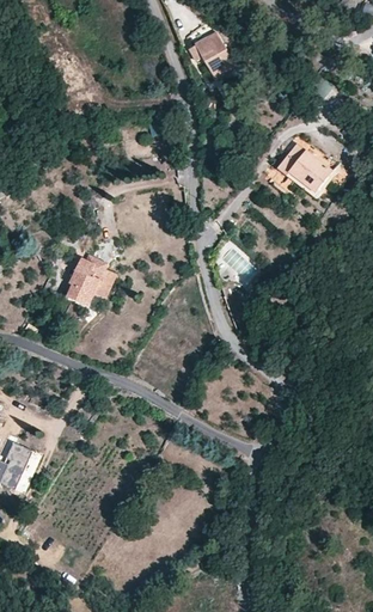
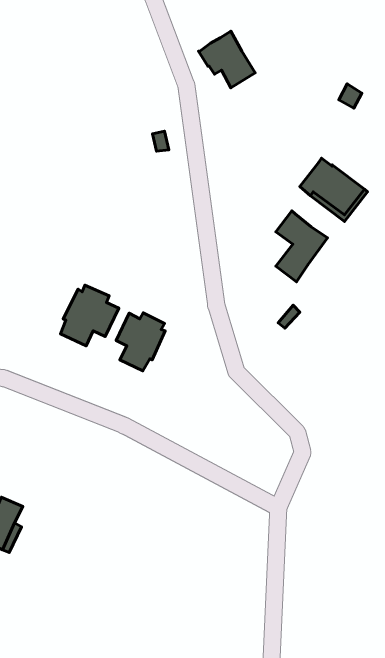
building: none -> [276,211,328,282]
building: none -> [116,313,165,371]

